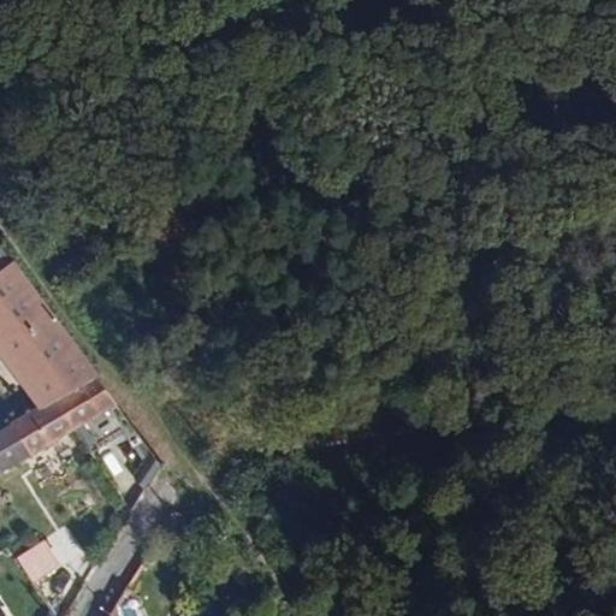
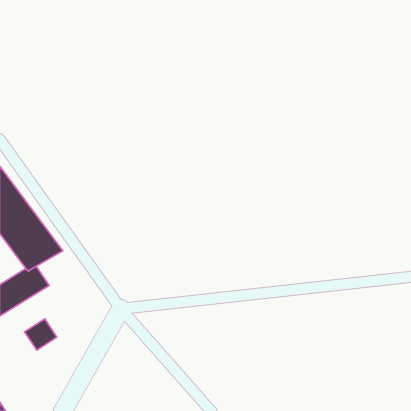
building: [54,375,113,427] -> none
building: [14,537,63,584] -> [25,319,57,350]

